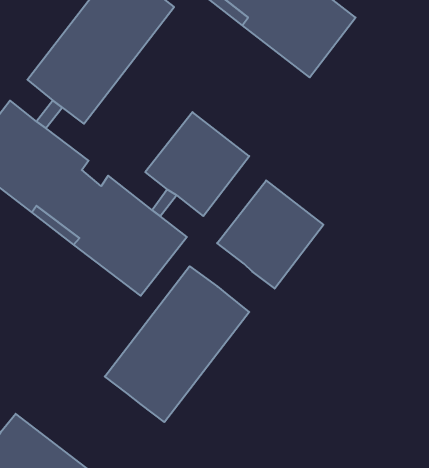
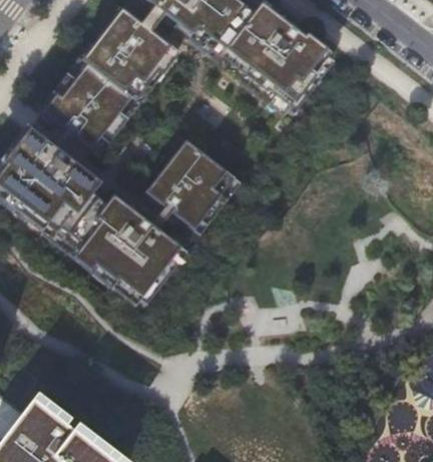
building: [217,180,323,289] -> none
building: [105,266,249,422] -> none

